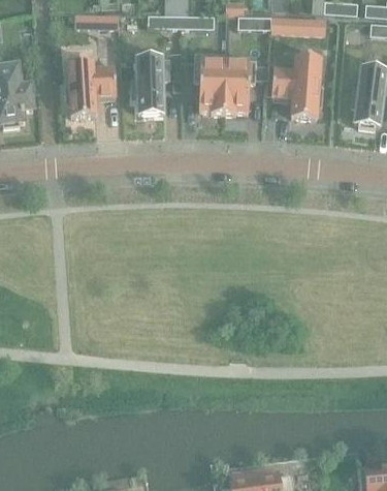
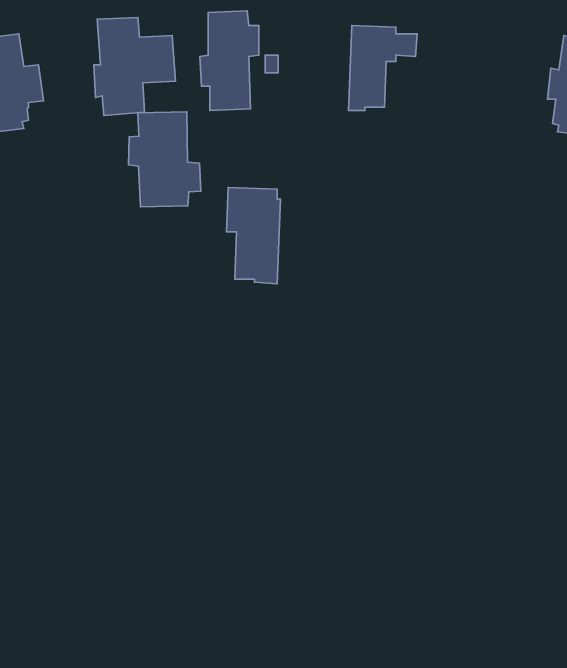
building: [193,53,227,114] -> [227,188,280,284]
building: [266,57,323,119] -> none
building: none -> [129,112,201,207]

